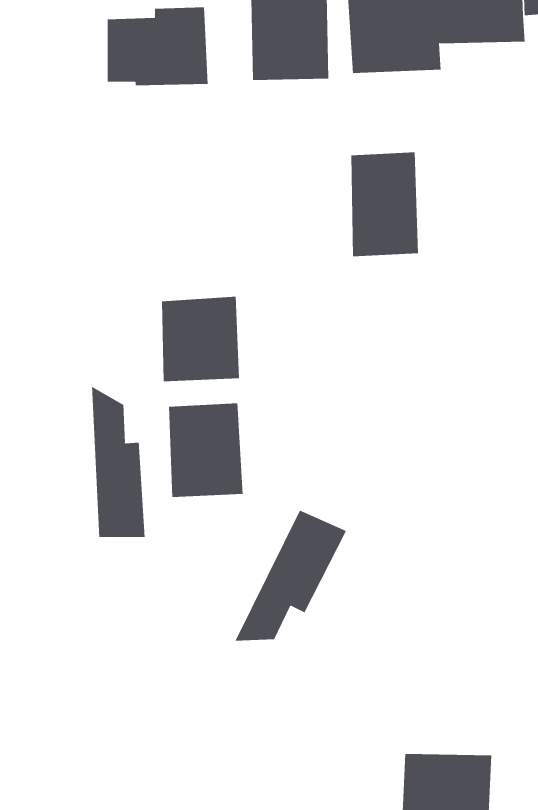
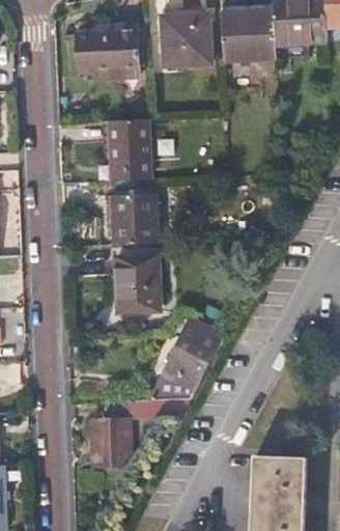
building: [351,152,419,257] -> [110,118,150,180]
building: [91,386,145,538] -> none
building: none -> [90,397,189,468]

